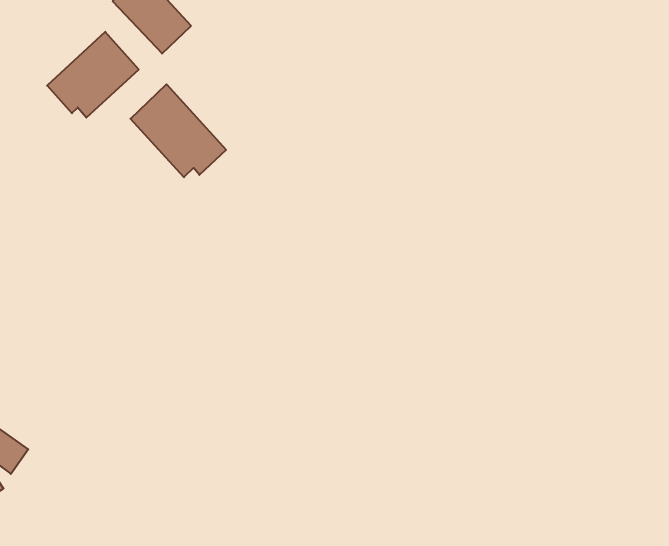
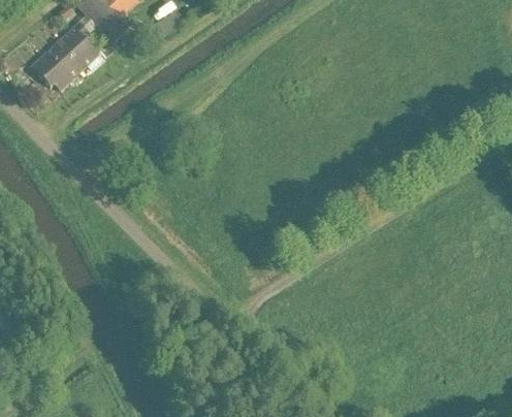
building: [130,84,226,177] -> none

